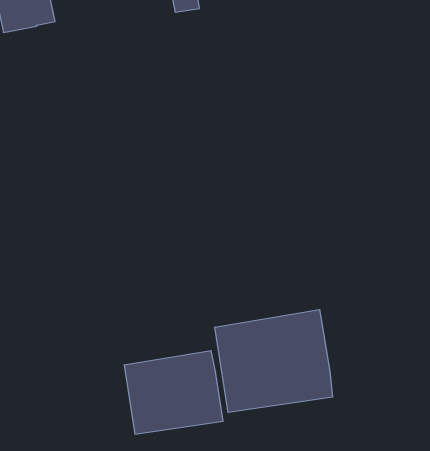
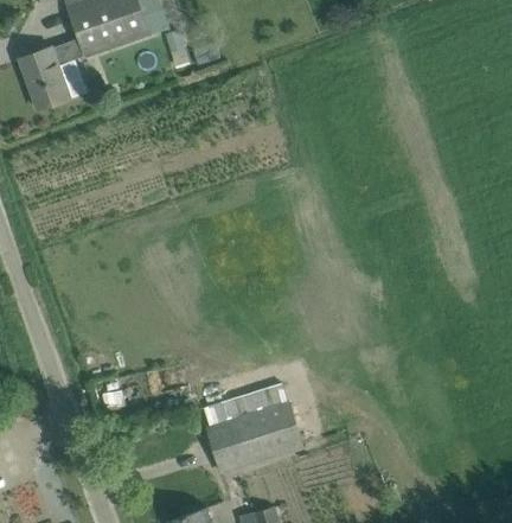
building: [215,310,332,412] -> none

